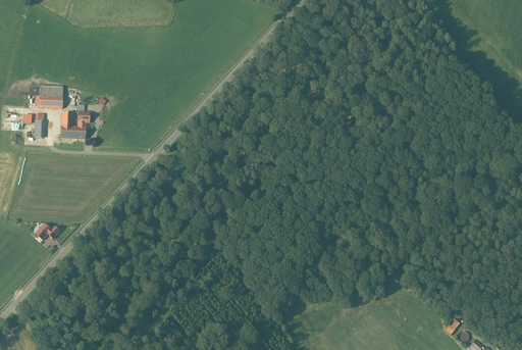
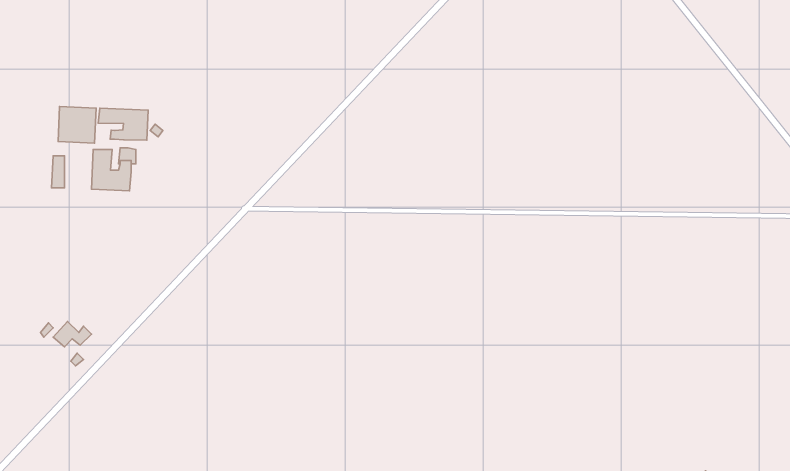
building: none -> [98,108,148,140]

